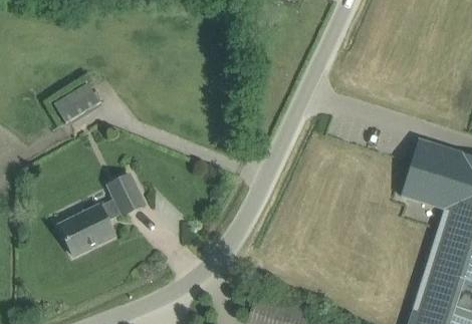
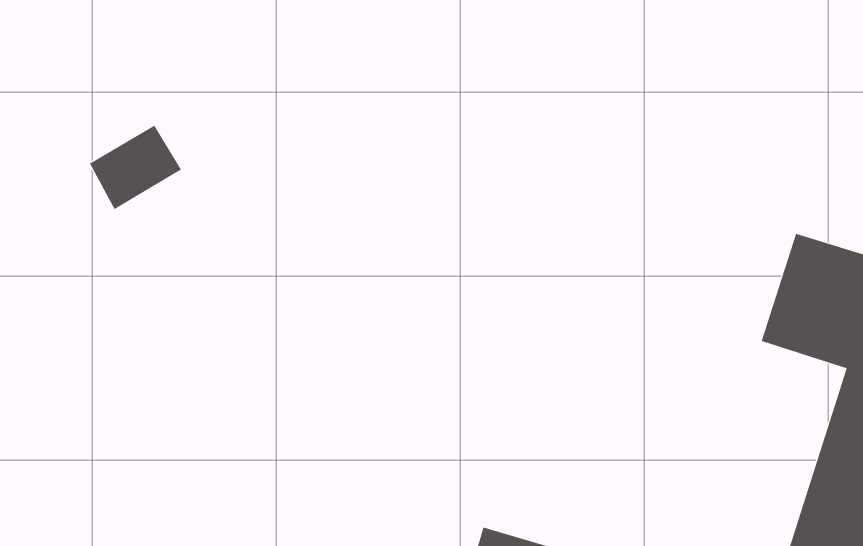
building: [58,174,145,255] -> none

